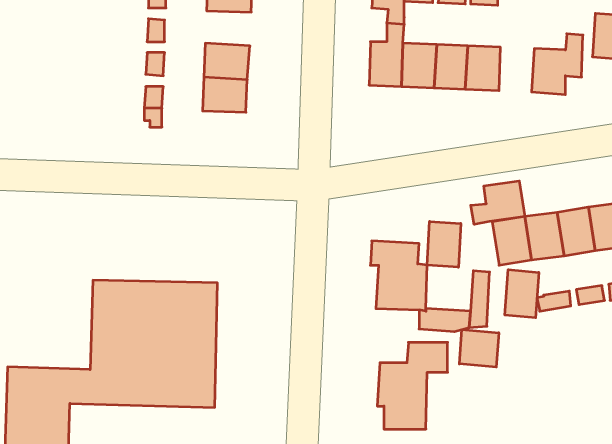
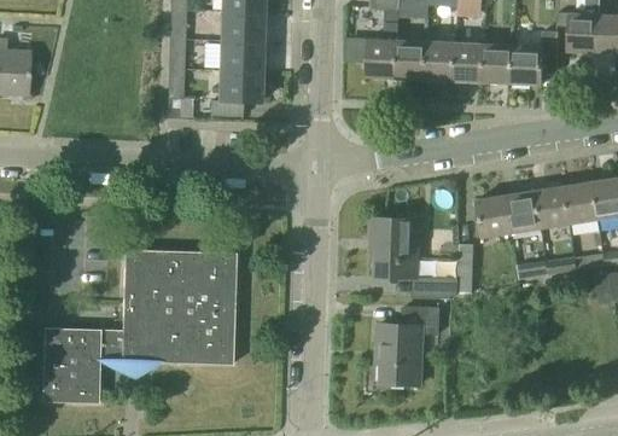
building: none -> [222,11,263,42]
building: none -> [484,43,515,83]
building: [471,181,525,224] -> none
building: [427,221,461,267] -> none
building: [505,270,539,318] -> none
building: [459,330,499,367] -> none

